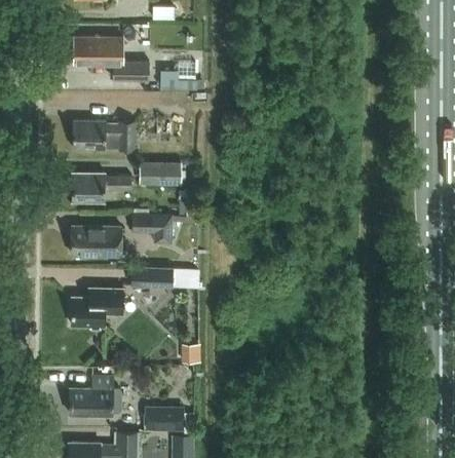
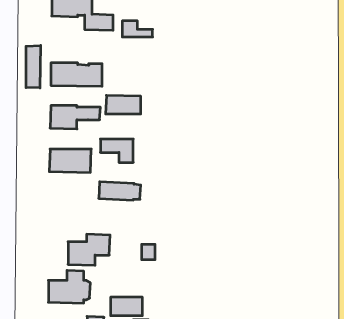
building: none -> [26,45,41,88]
building: [71,289,122,327] -> [68,234,110,265]

